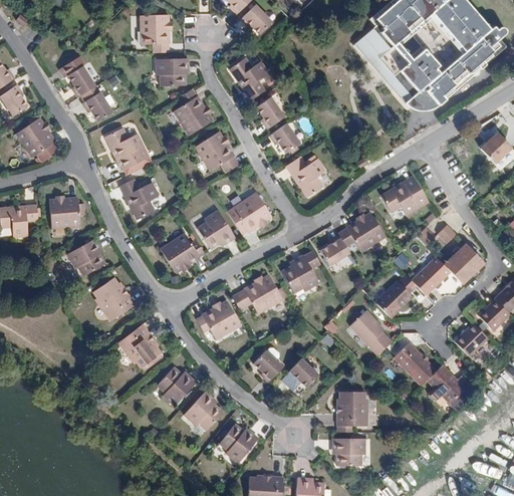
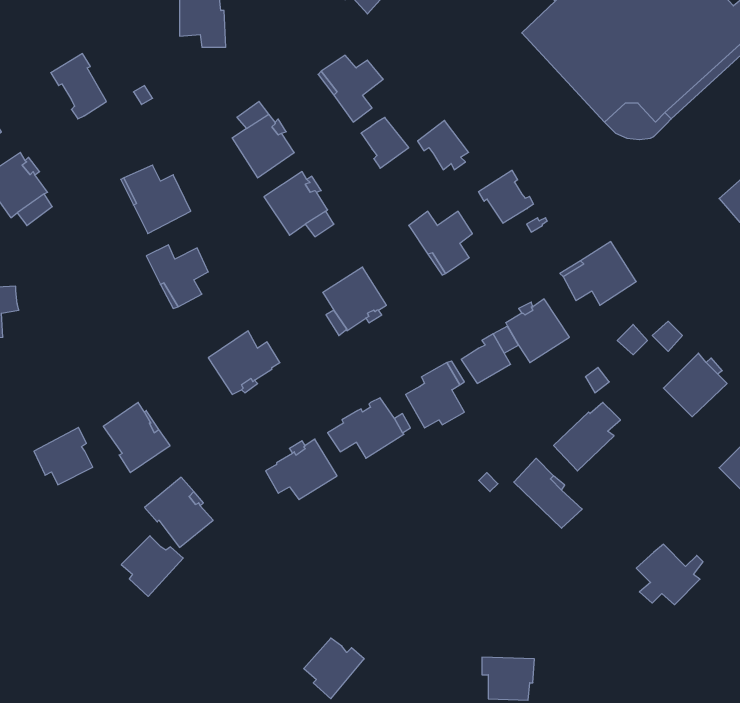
building: [155,57,187,85] -> none
building: [79,86,110,121] -> none
building: [267,121,299,153] -> [418,120,469,170]
building: none -> [479,170,533,223]
building: [49,198,82,227] -> none
building: [197,210,234,246] -> none
building: [68,237,105,273] -> [34,427,93,485]
building: [414,259,452,298] -> none
building: [457,323,489,356] -> none
building: [397,343,439,386] -> none
building: [252,349,282,382] -> none
building: [285,357,316,387] -> none
building: [157,366,196,405] -> [121,536,183,596]
building: [335,390,365,425] -> none
building: [183,391,222,428] -> none

